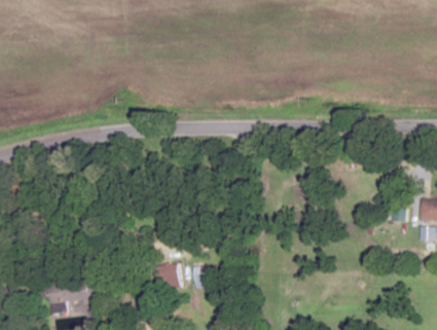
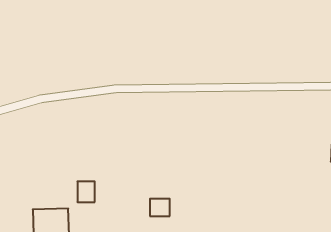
building: [155,264,177,290] -> [77,181,95,202]

